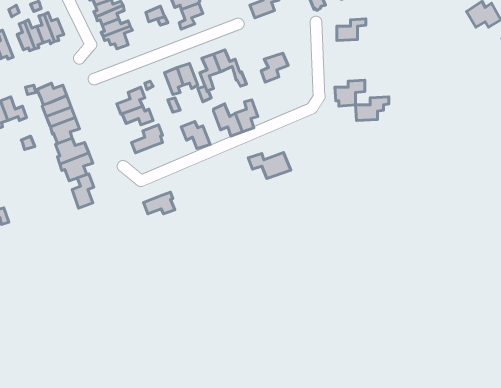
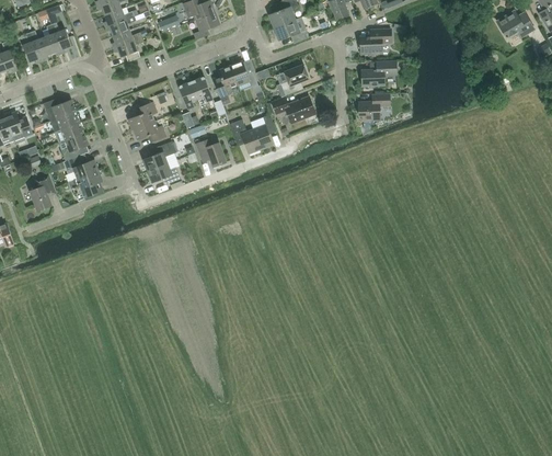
building: none -> [274,20,309,42]
building: [356,97,389,121] -> [361,60,396,86]
building: [248,153,291,179] -> [272,95,317,123]
building: [72,174,94,208] -> [31,174,54,210]
building: [144,192,175,214] -> [148,159,181,182]

